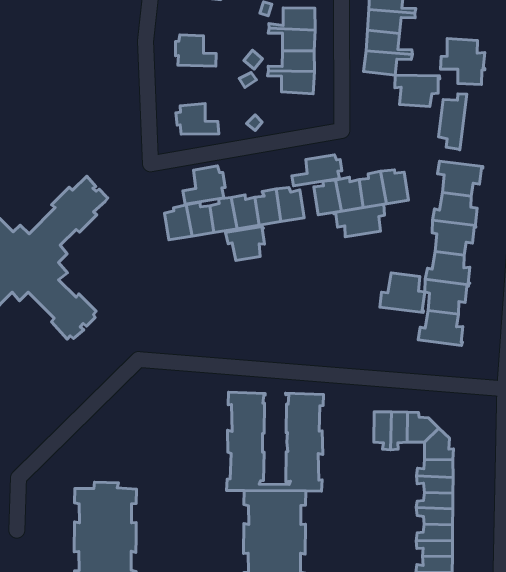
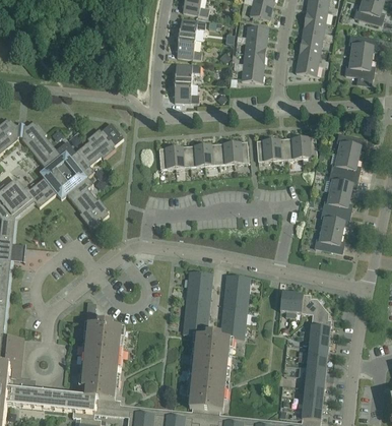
building: none -> [177,18,205,39]
building: none -> [172,63,200,82]
building: [395,75,440,107] -> [348,36,378,58]
building: [439,94,467,150] -> none
building: [292,155,342,186] -> none
building: [183,166,225,204] -> none
building: [334,204,384,237] -> none
building: [226,226,265,261] -> none
building: [380,273,425,313] -> none

